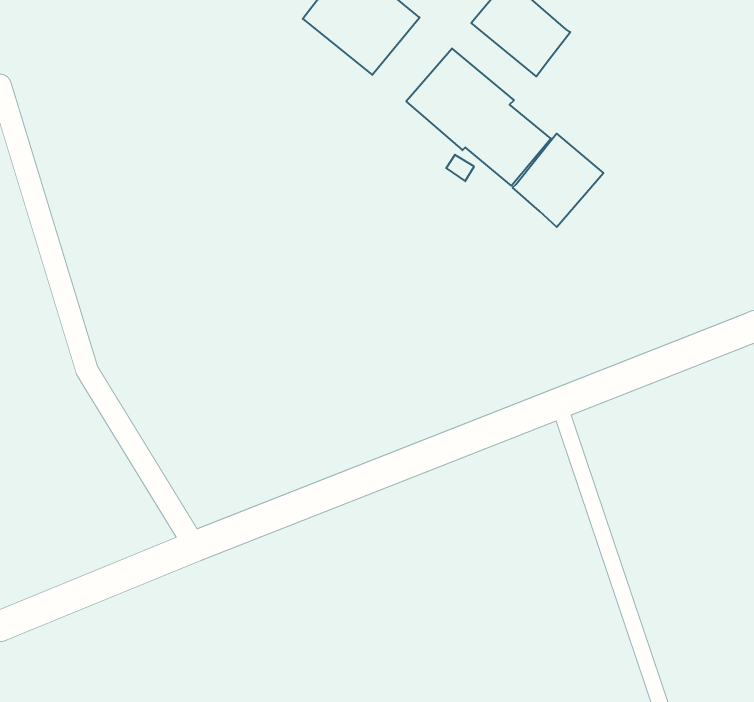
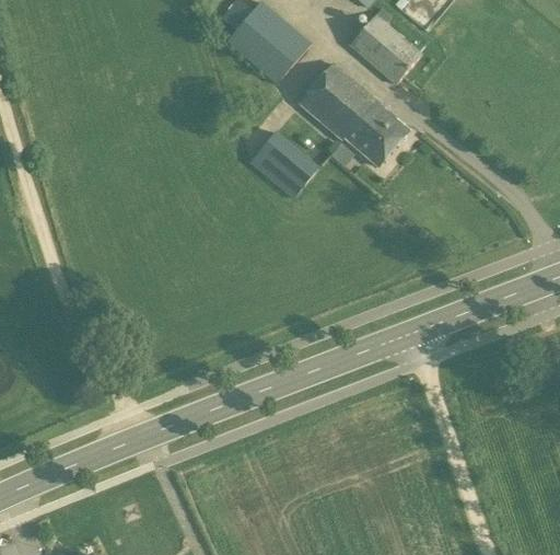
building: [513,134,603,227] -> none
building: none -> [248,129,319,198]

